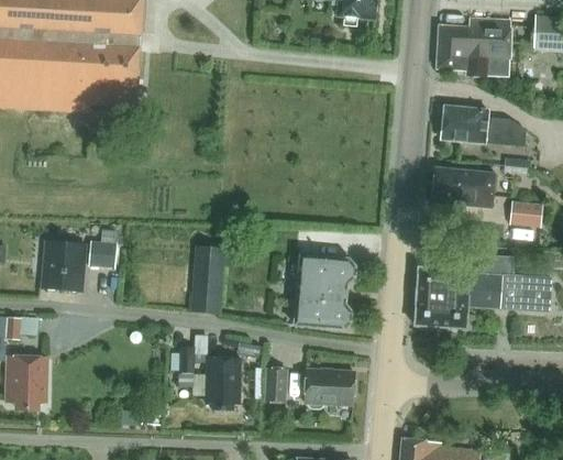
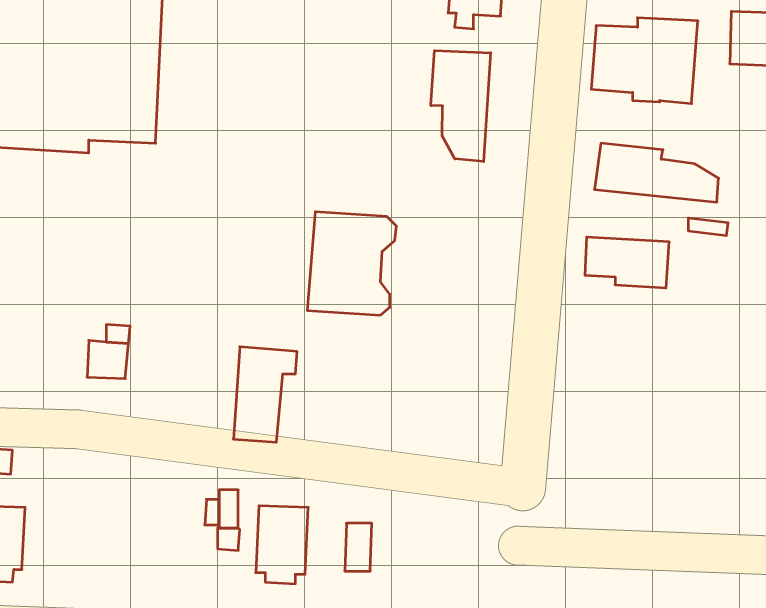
building: none -> [431,51,491,162]
building: [510,202,542,227] -> none
building: [43,241,85,292] -> none
building: [415,254,551,328] -> none
building: [294,256,355,328] -> [307,212,396,315]
building: [305,370,355,408] -> none

